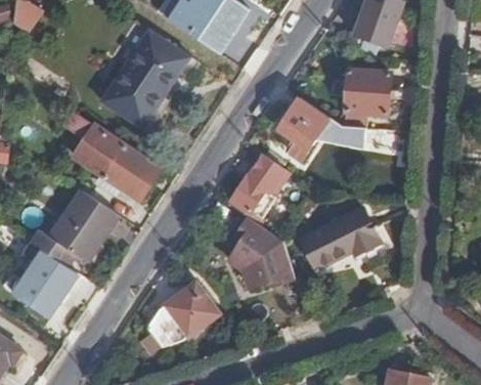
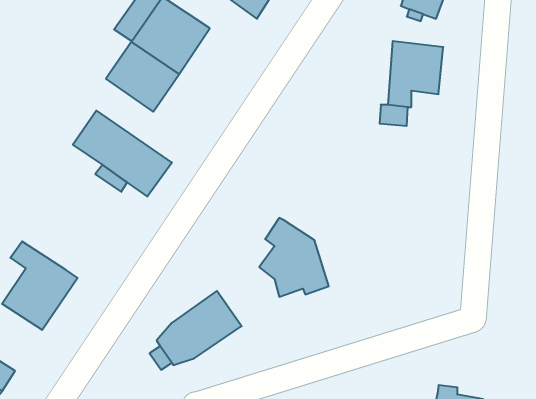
building: [280,112,321,160] -> none
building: [227,154,287,222] -> none
building: [28,190,117,265] -> none
building: [301,210,379,265] -> none

